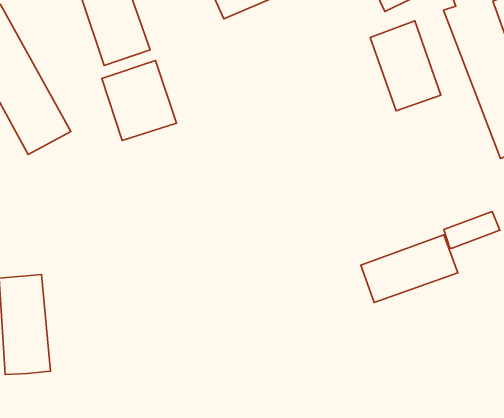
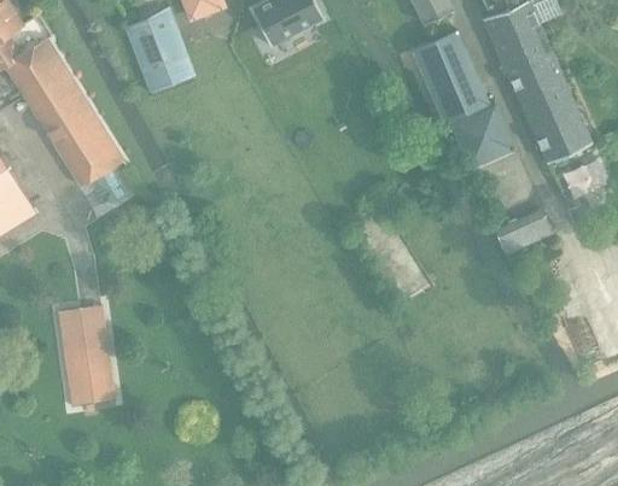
building: [102,61,177,141] -> none
building: none -> [453,105,517,171]
building: [361,235,458,303] -> none

